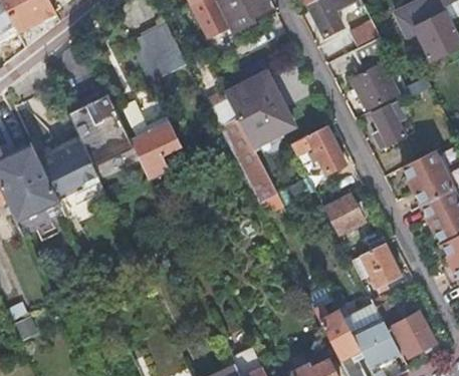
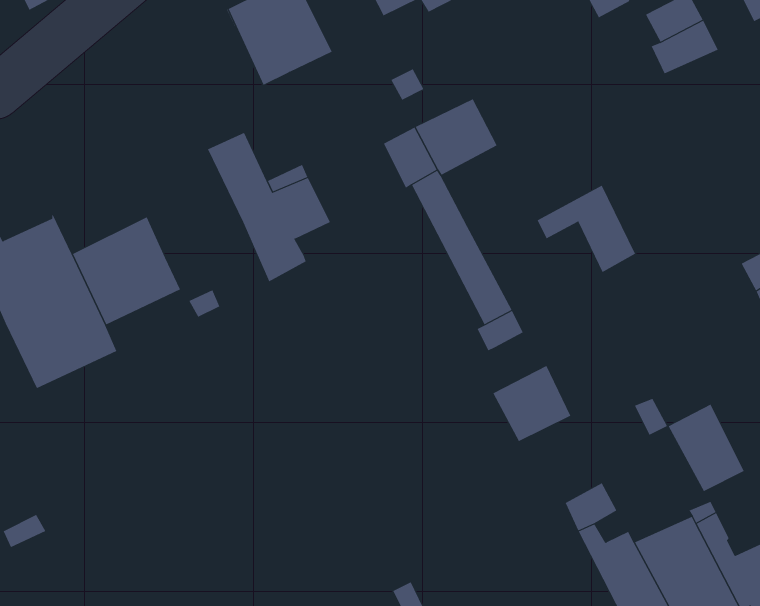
building: [352,64,398,110] -> none
building: [240,75,293,148] -> none
building: [67,91,134,165] -> none
building: [372,103,406,150] -> none
building: [324,194,367,235] -> [492,365,571,442]

